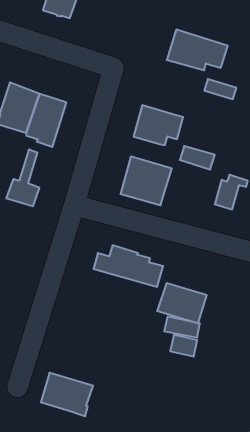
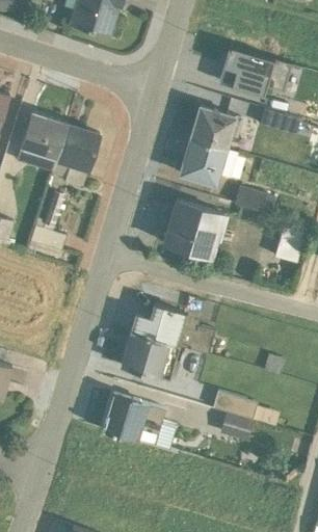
building: none -> [188,106,241,150]
building: [157,283,207,323] -> [118,334,178,381]
building: [41,373,93,416] -> [102,395,164,447]

